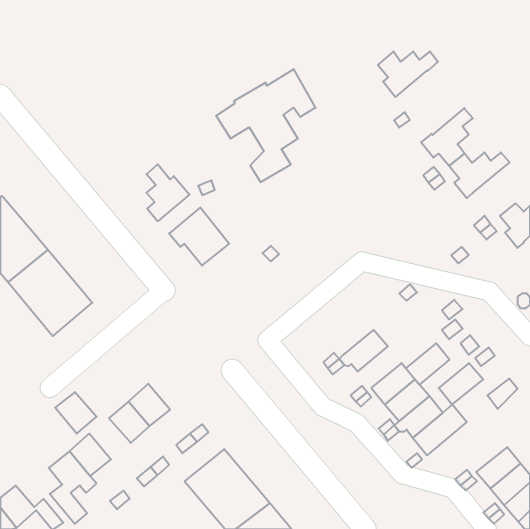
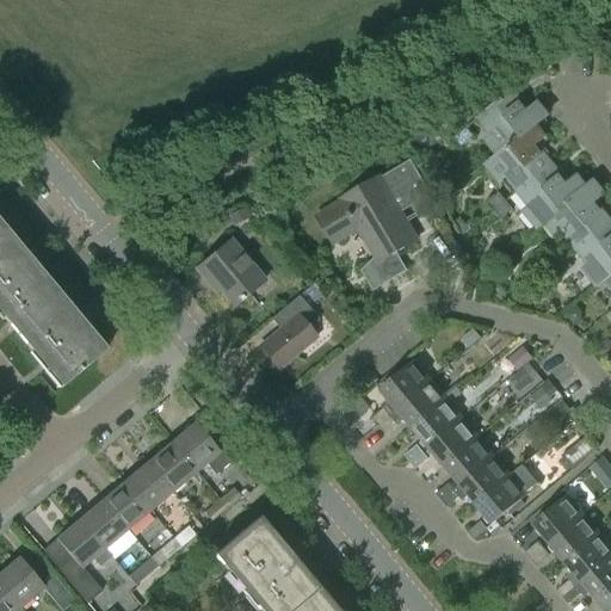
building: [378,51,438,97] -> [477,103,547,155]
building: [216,69,316,182] -> [321,160,436,290]
building: none -> [544,180,603,248]
building: [146,164,190,221] -> none
building: none -> [259,295,317,368]
building: none -> [379,360,430,408]
building: [406,343,449,385] -> [412,399,462,446]
building: none -> [171,418,237,474]
building: [439,363,483,405] -> [532,495,584,543]
building: [55,392,97,434] -> [103,481,150,529]

